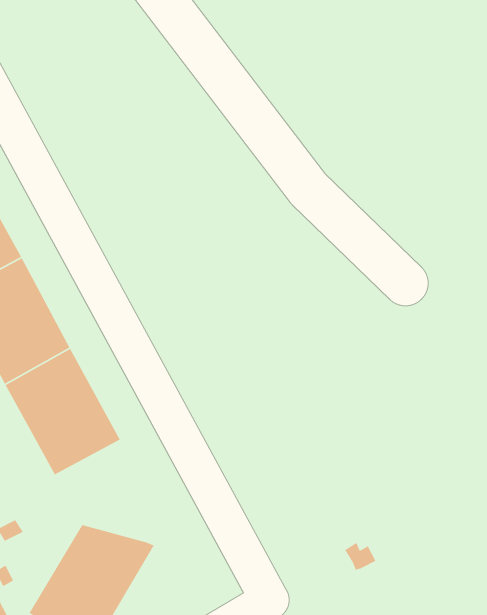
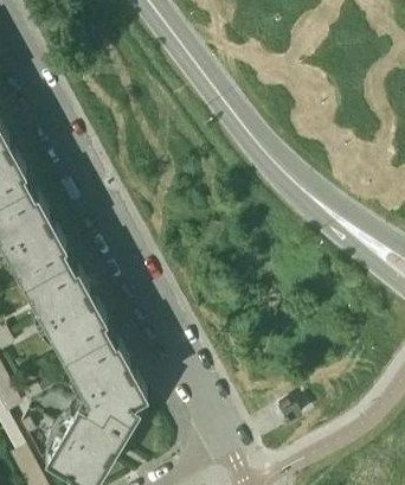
building: none -> [64,336,147,410]

